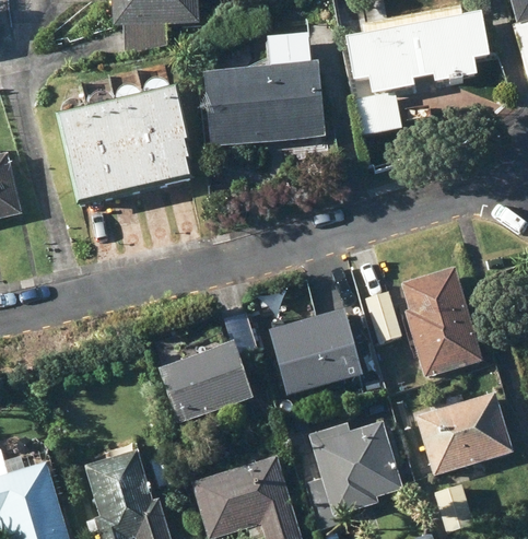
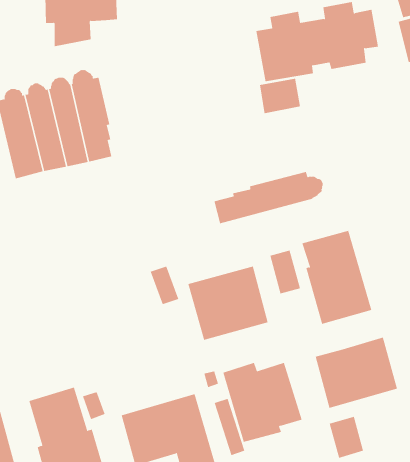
building: [208,34,326,144] -> none
building: none -> [214,171,323,224]
building: [160,341,254,423] -> none

